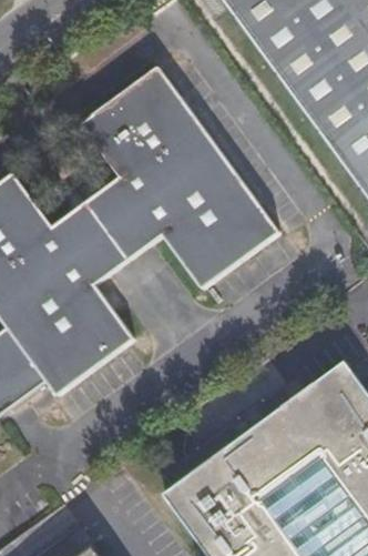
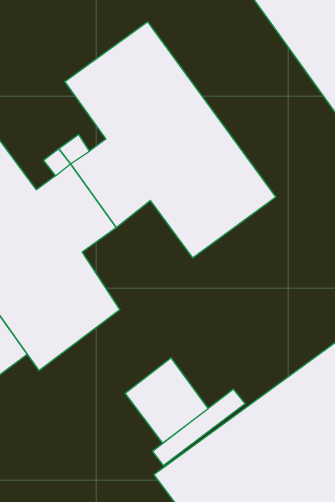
building: none -> [125,358,208,443]

